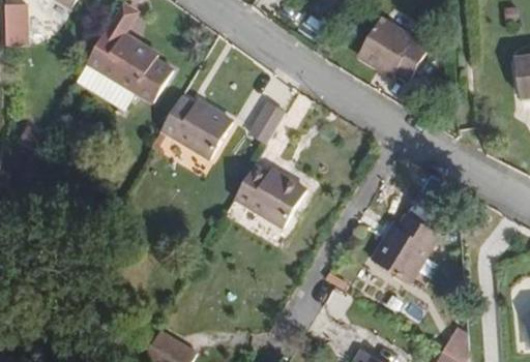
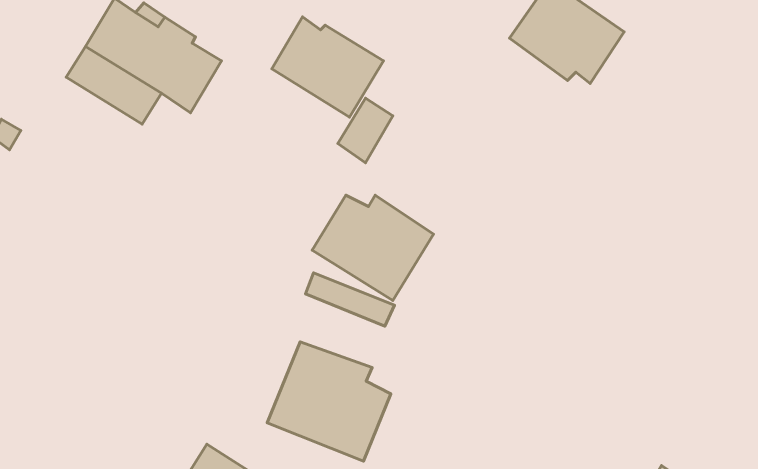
building: [160,83,232,147] -> [272,17,384,117]
building: [370,212,440,285] -> none
building: none -> [267,342,391,461]

